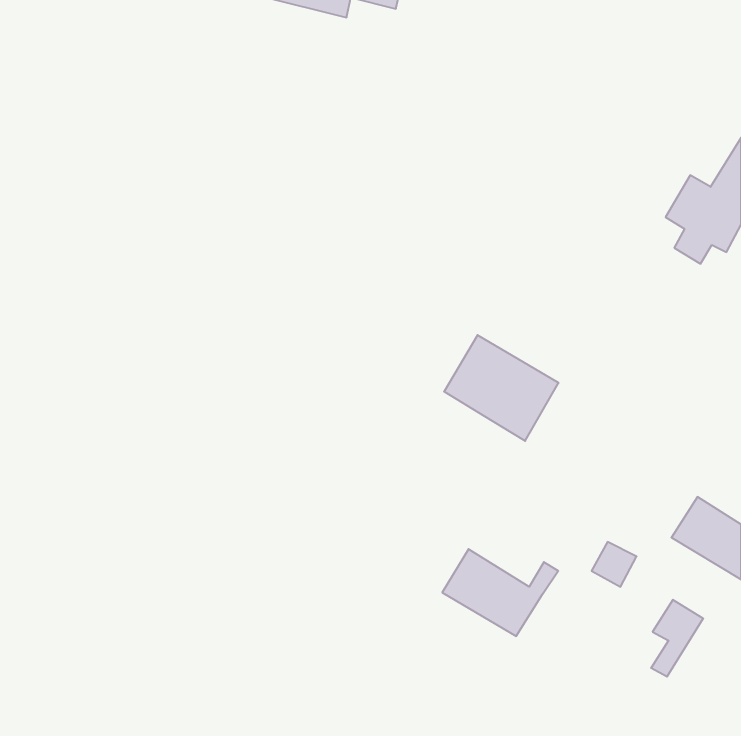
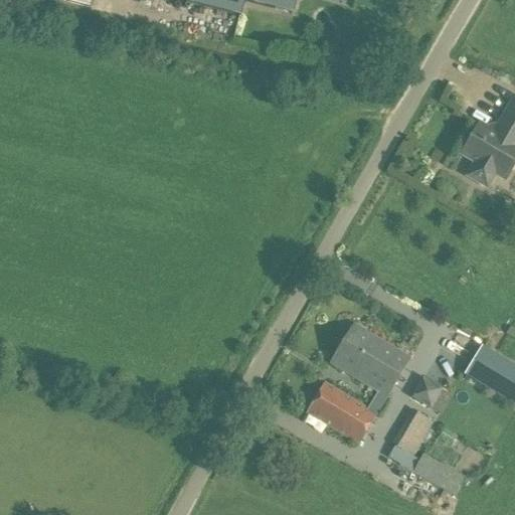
building: [444,335,559,441] -> [331,323,410,396]
building: none -> [390,407,433,456]
building: none -> [411,451,466,495]

